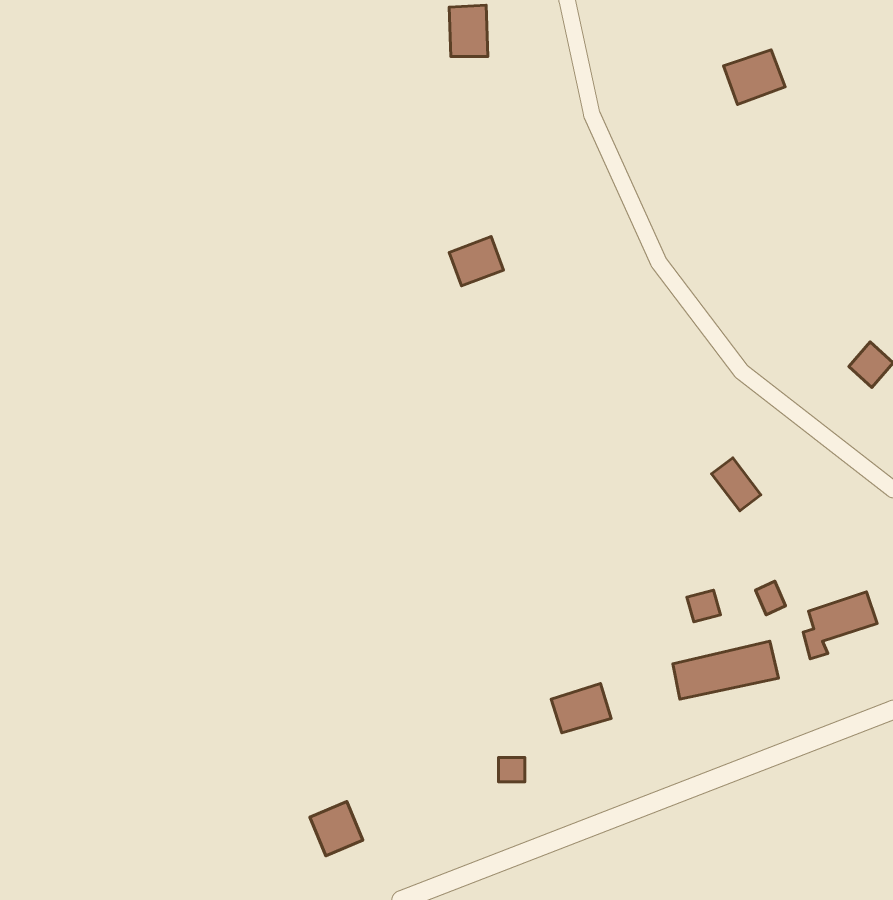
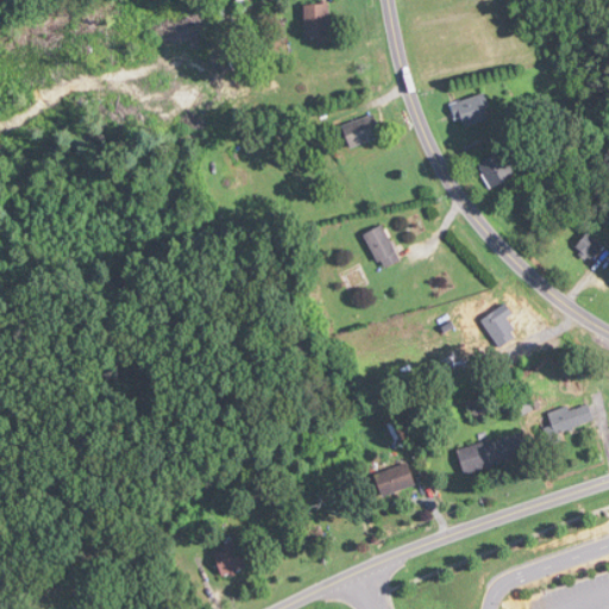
building: [723,50,785,105] -> [450,93,491,130]
building: none -> [477,151,511,188]
building: [449,237,504,286] -> [341,114,378,147]
building: none -> [365,224,400,269]

